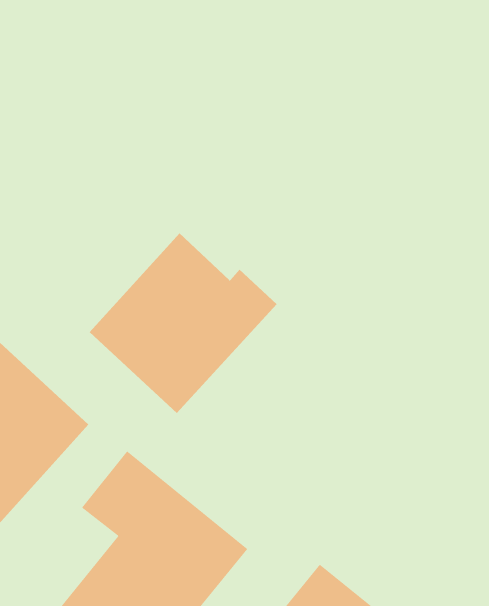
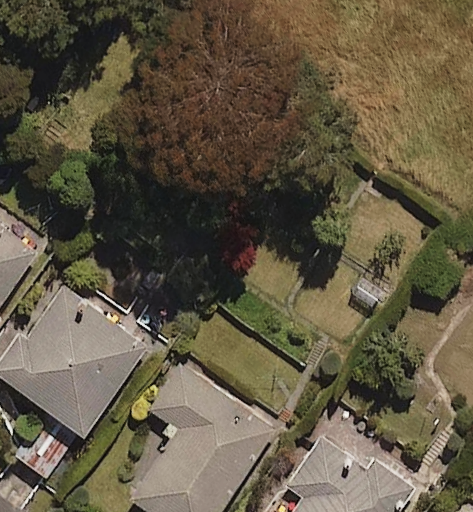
building: [89,232,277,414] -> none

